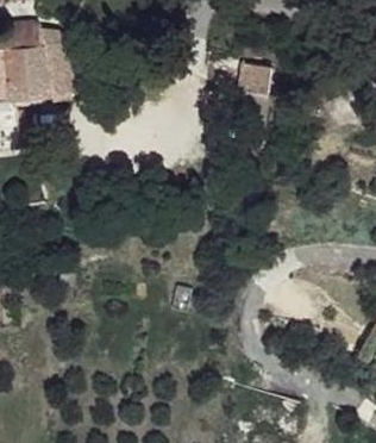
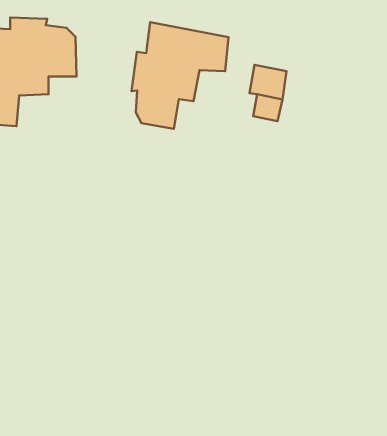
building: none -> [132,22,228,129]

